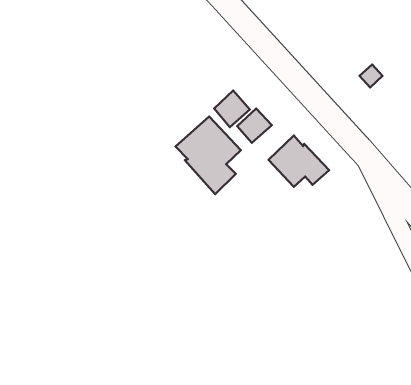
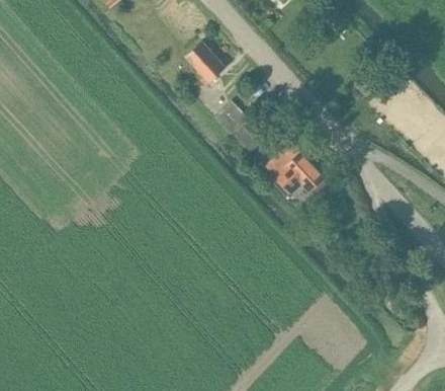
building: none -> [186,41,227,86]
building: [176,116,241,194] -> none

